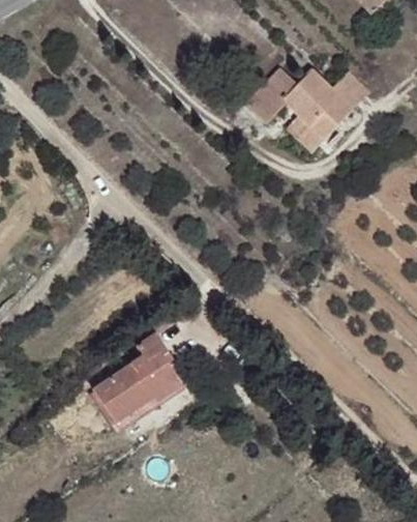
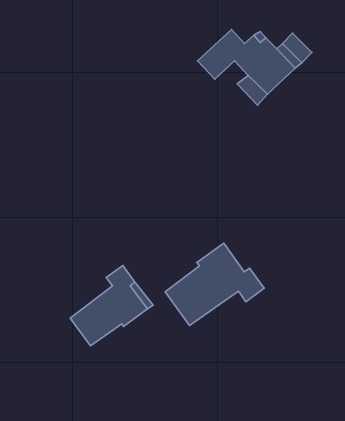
building: none -> [165,243,264,325]

